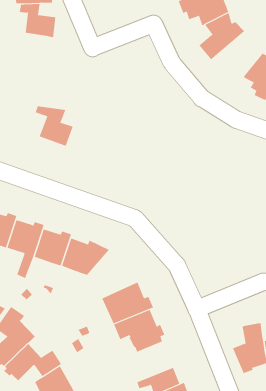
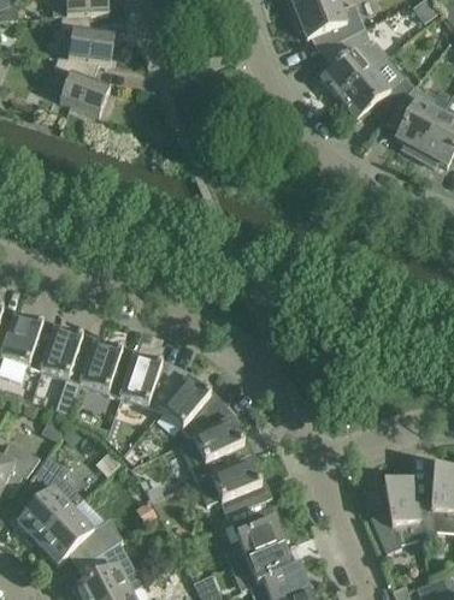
building: none -> [338,55,413,119]
building: [35,106,74,146] -> [53,57,110,115]
building: none -> [159,373,236,438]
building: none -> [223,506,288,565]

